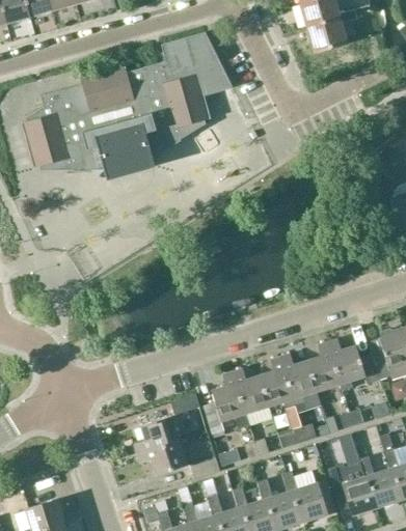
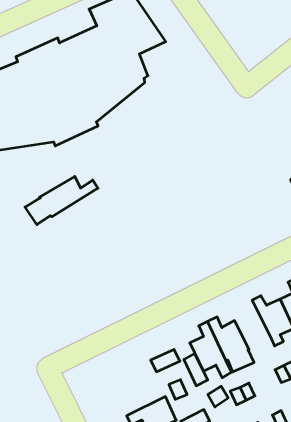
building: none -> [25,176,98,225]
building: [260,357,296,409] -> none
building: [135,416,180,453] -> none

